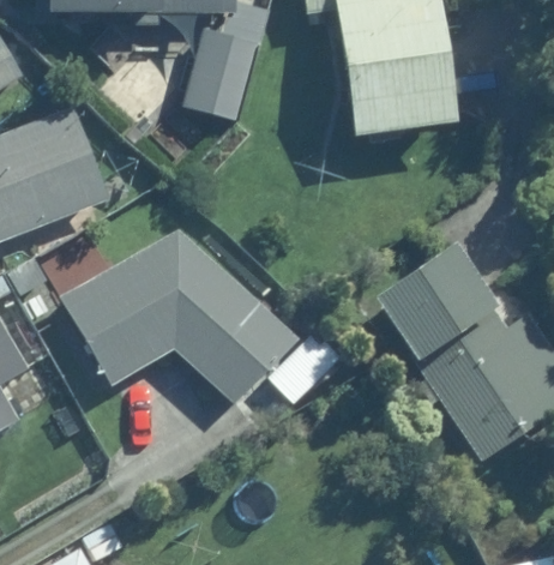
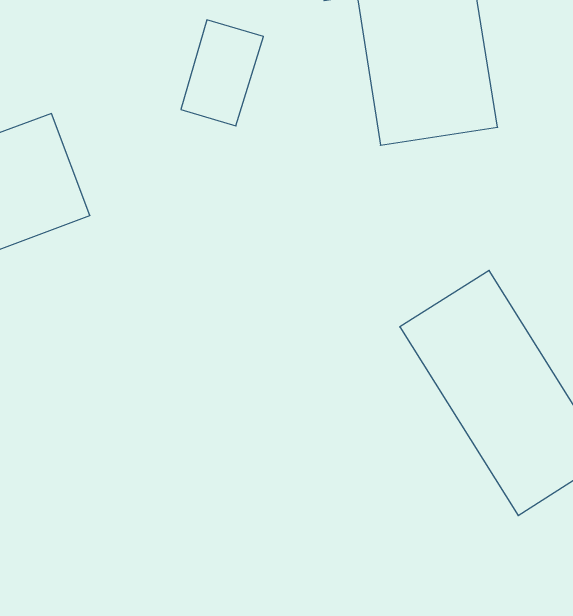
building: [62,232,295,402] -> none

